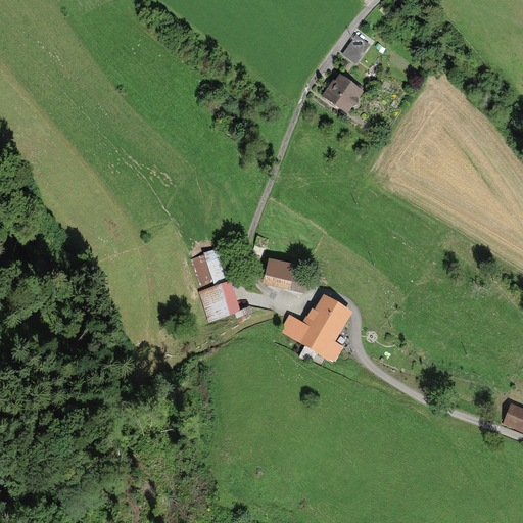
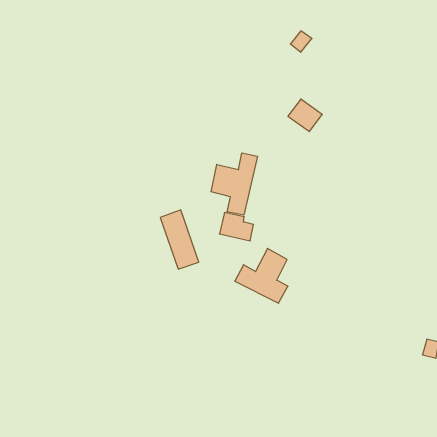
building: [322,74,363,112] -> [288,99,322,132]
building: none -> [211,153,257,215]

